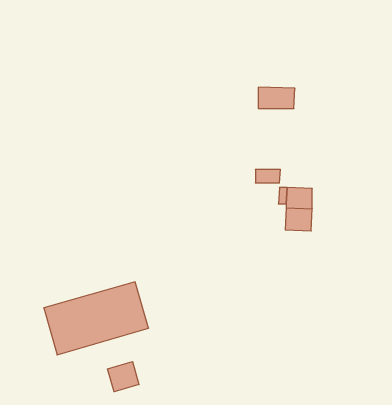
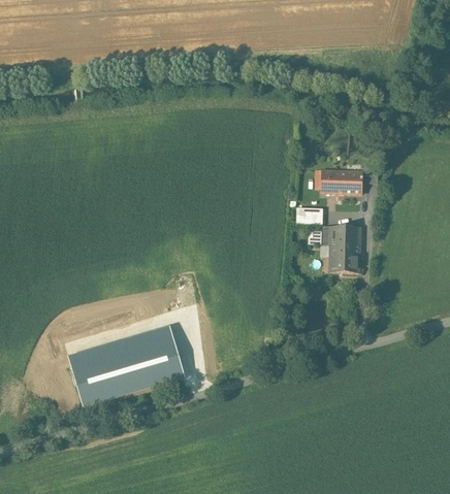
building: [258,87,295,108] -> [321,170,360,193]
building: [107,362,139,392] -> none

